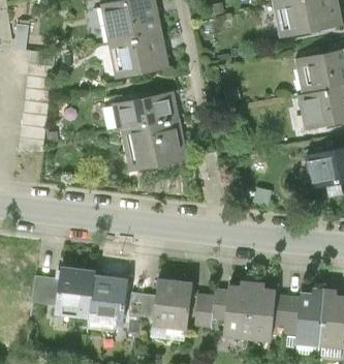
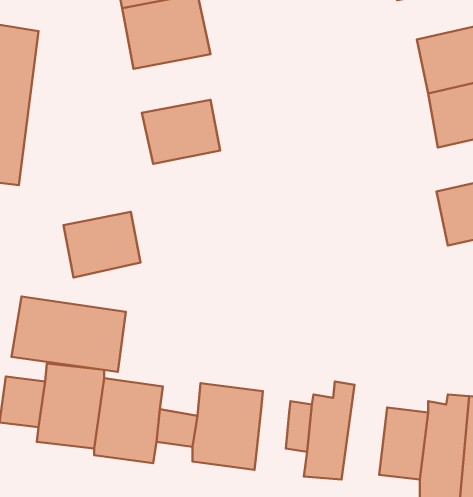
building: [128,130,177,172] -> [64,212,141,277]
building: none -> [12,296,126,372]
building: [247,278,277,341] -> none
building: [193,294,214,325] -> none

